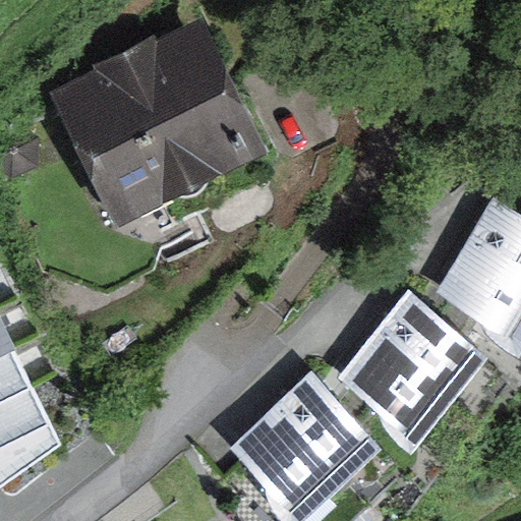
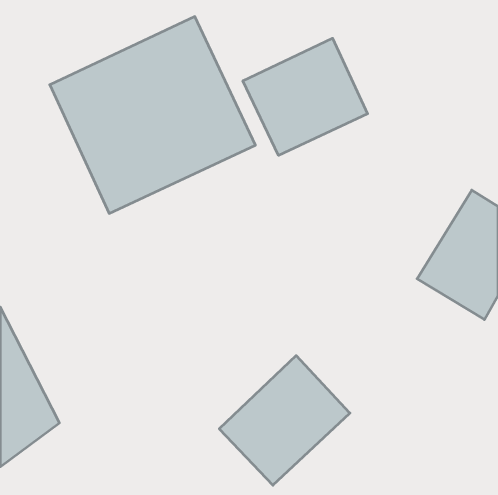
building: none -> [243,38,368,155]
building: [337,289,472,429] -> none

